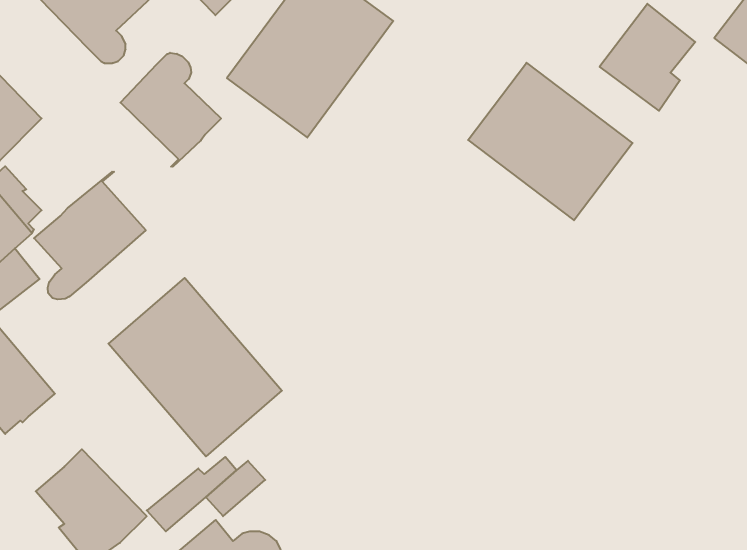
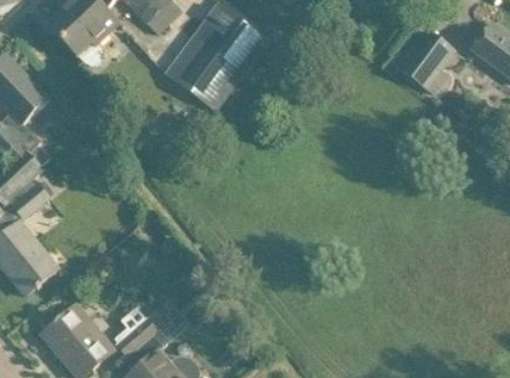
building: [120,53,221,167] -> none
building: [468,63,633,220] -> none
building: [34,172,146,299] -> none
building: [108,278,282,456] -> none

